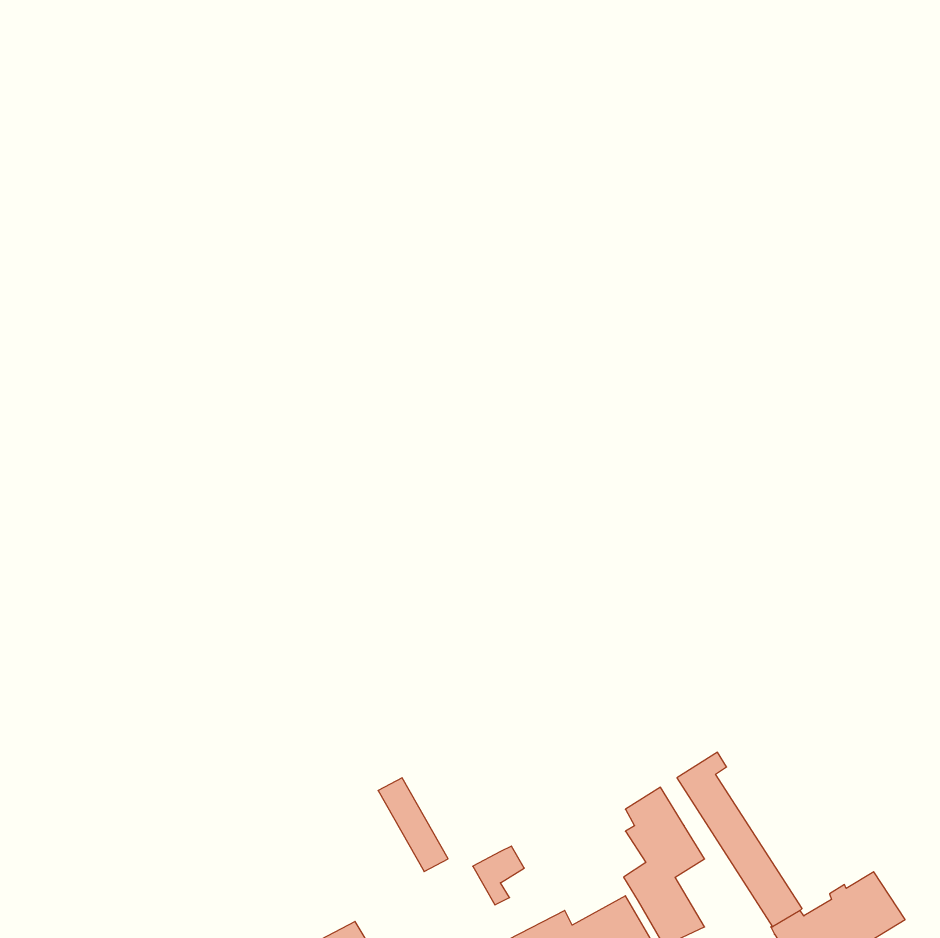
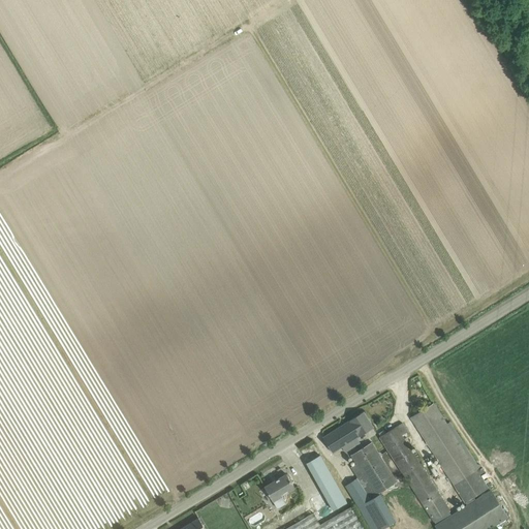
building: none -> [411,404,494,503]
building: none -> [323,412,374,454]
building: [378,778,448,872] -> [307,460,346,512]

